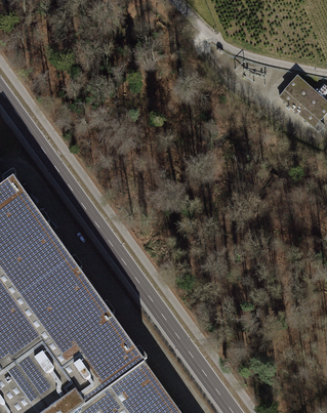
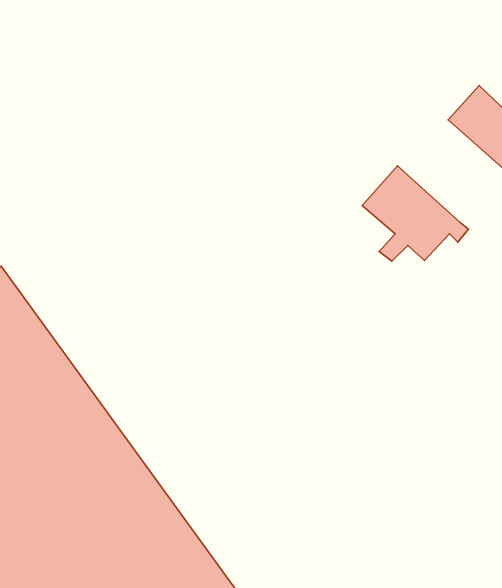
building: none -> [362,166,468,261]

